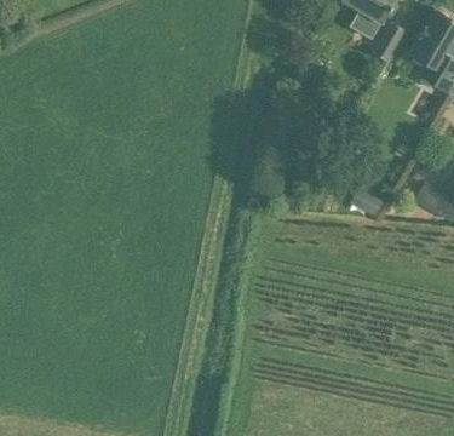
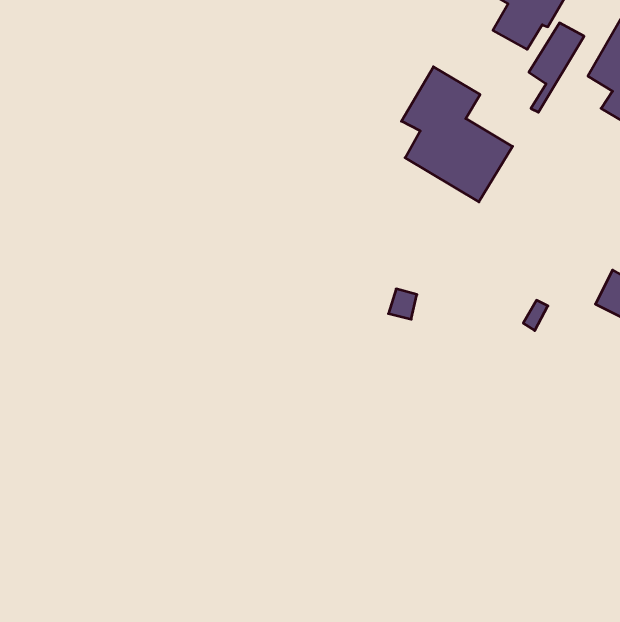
building: none -> [401,67,513,202]

